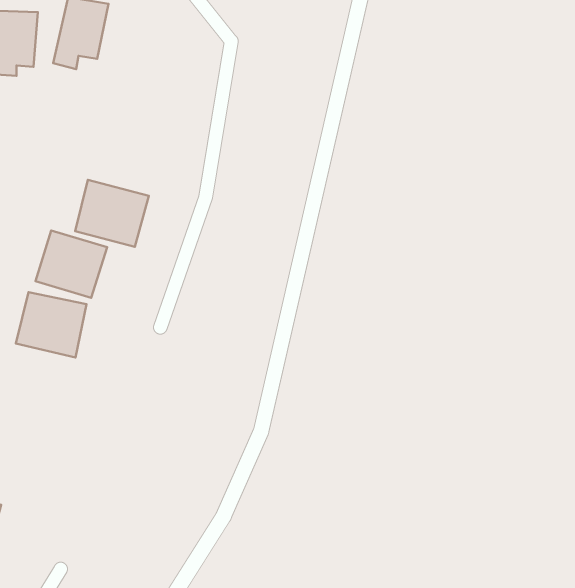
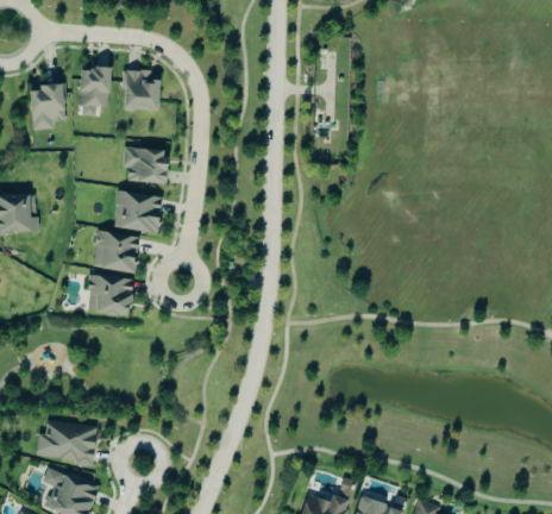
building: none -> [121,69,158,109]
building: none -> [123,146,165,182]

